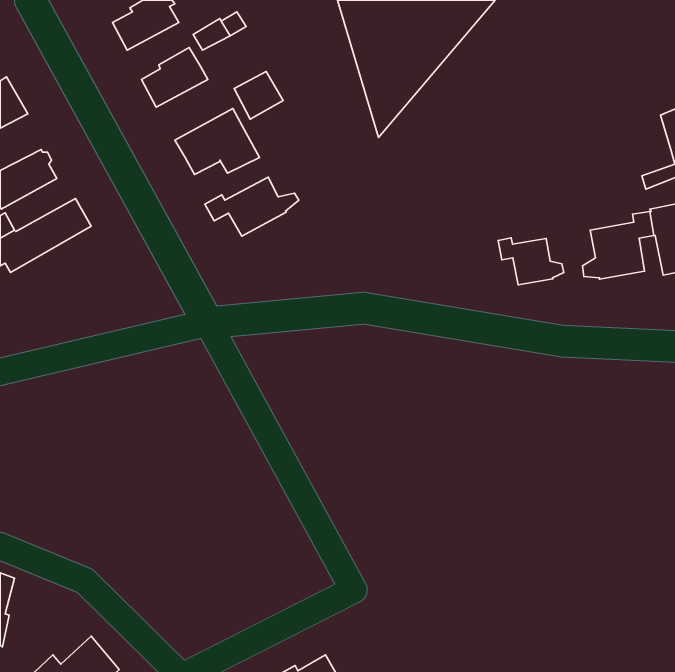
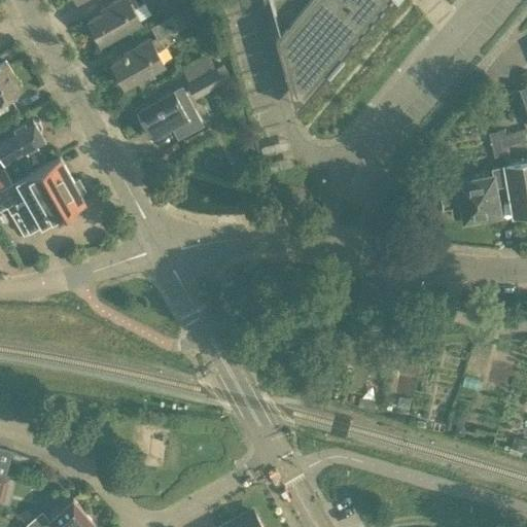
building: [205,177,299,236] -> none
building: none -> [9,179,84,238]
building: [498,238,564,285] -> none

